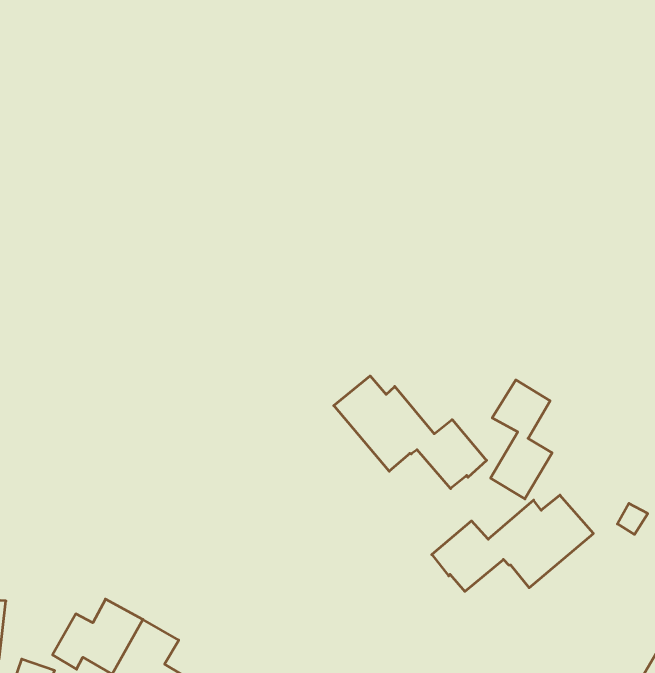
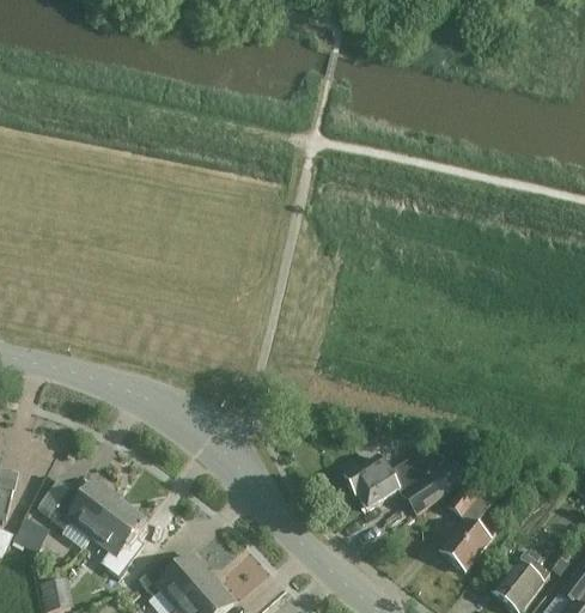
building: [334,376,487,489] -> none
building: [491,380,552,499] -> [440,480,493,571]

